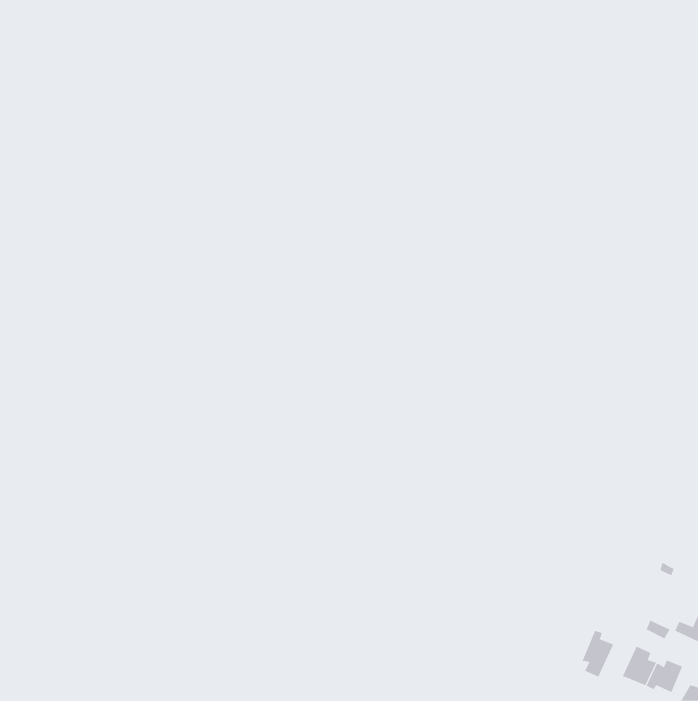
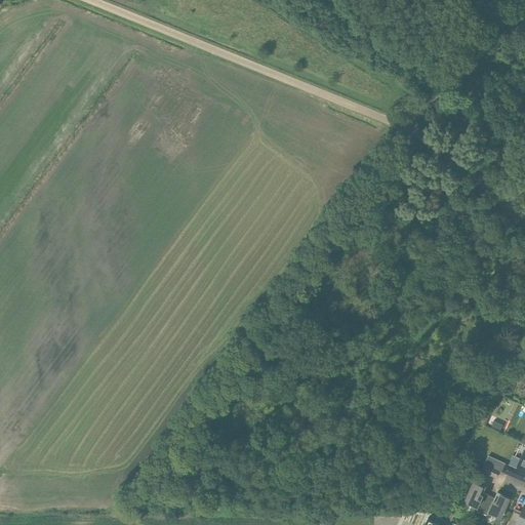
building: [582,630,614,678] -> none

